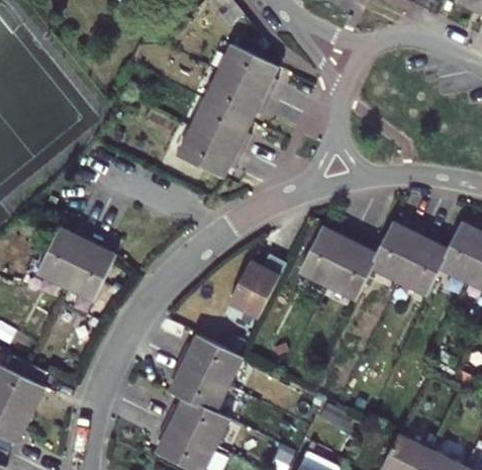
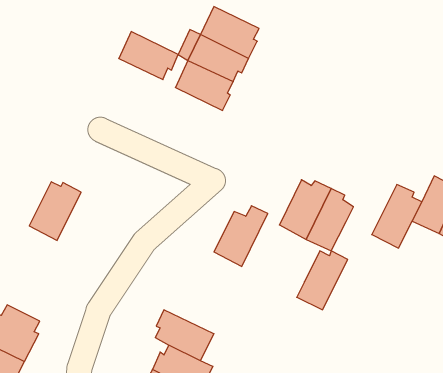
building: [177,128,239,179] -> [119,32,178,80]
building: [369,221,422,283] -> [297,251,348,310]
building: [66,239,116,302] -> none
building: [178,337,245,387] -> none

